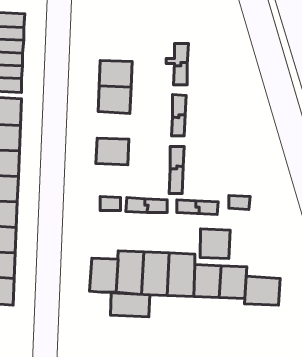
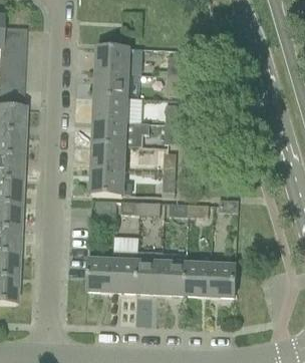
building: none -> [97,46,128,72]
building: none -> [94,119,149,146]
building: none -> [92,168,123,195]
building: [200,229,230,259] -> none
building: [244,276,280,305] -> none
building: [110,293,150,317] -> none

